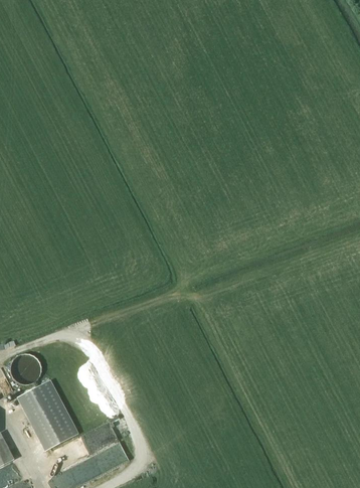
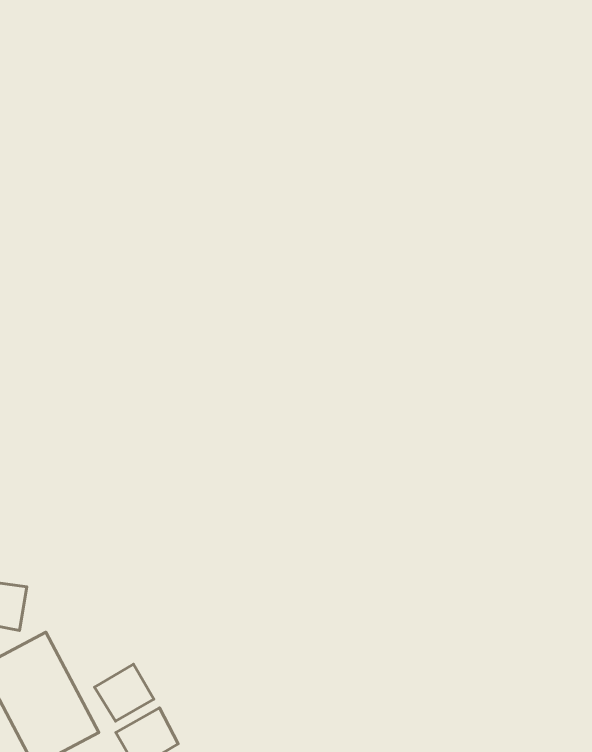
building: none -> [94,664,154,721]

